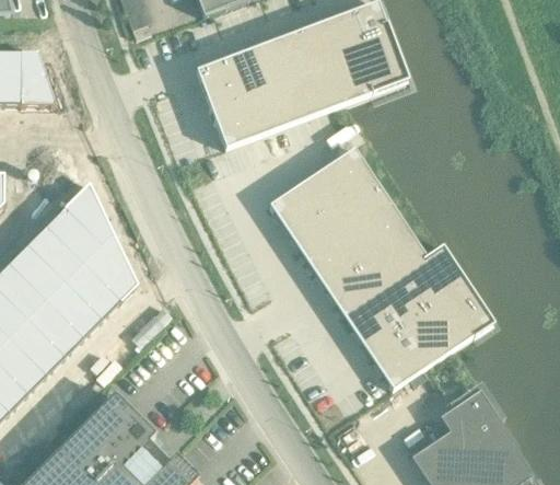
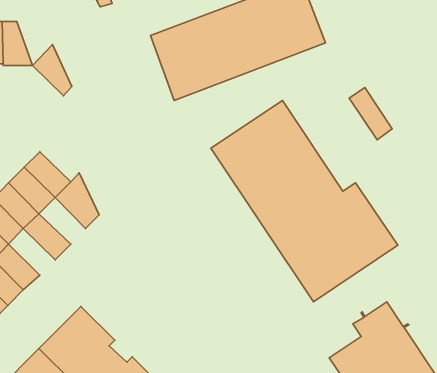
building: none -> [349,87,392,140]
building: [65,183,112,244] -> [32,45,72,96]
building: [63,263,119,319] -> none
building: [27,300,83,356] -> none

